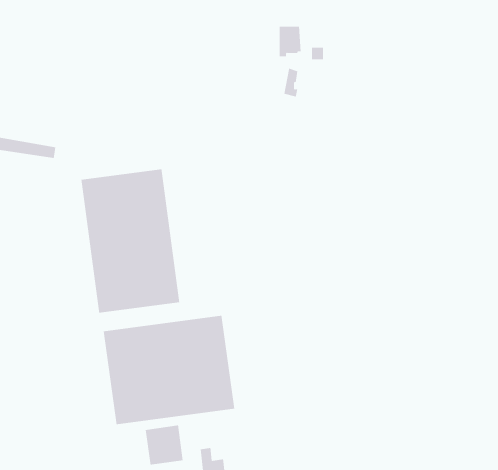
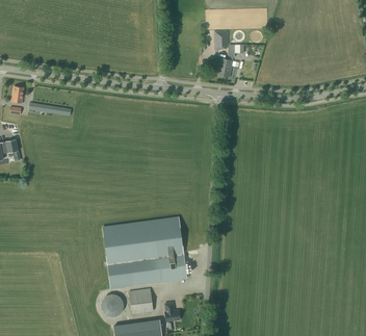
building: [81,169,180,313] -> none

